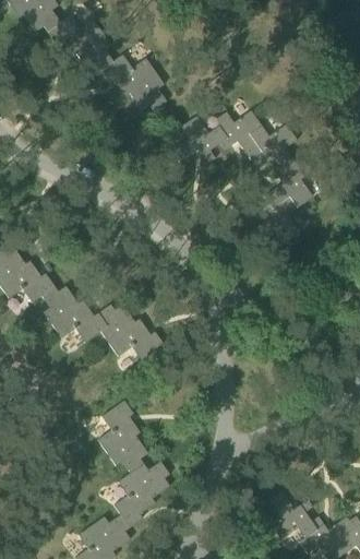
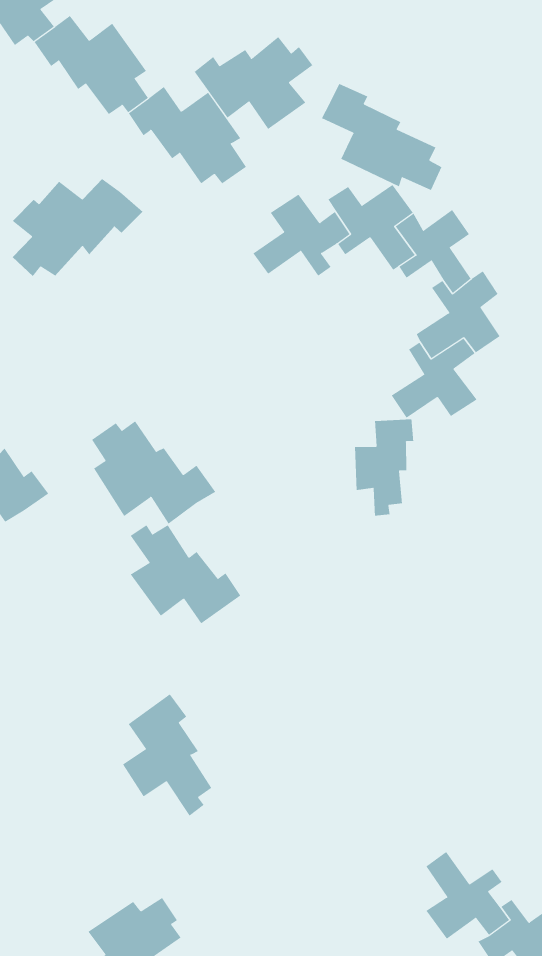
building: none -> [194,36,313,130]
building: none -> [321,83,442,191]
building: none -> [12,178,143,277]
building: none -> [354,418,414,516]
building: [40,285,111,344] -> [91,421,216,524]
building: [112,461,169,528] -> none

